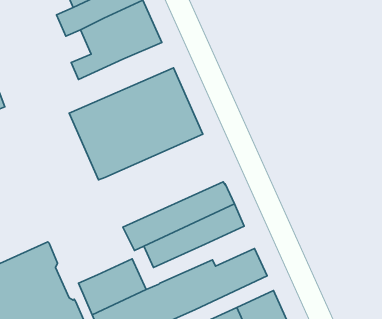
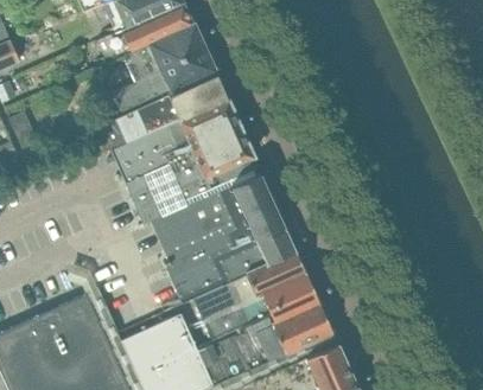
building: none -> [87,75,228,148]
building: none -> [151,172,285,276]
building: none -> [205,275,319,339]

